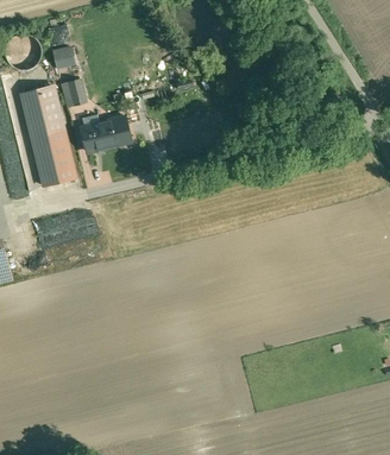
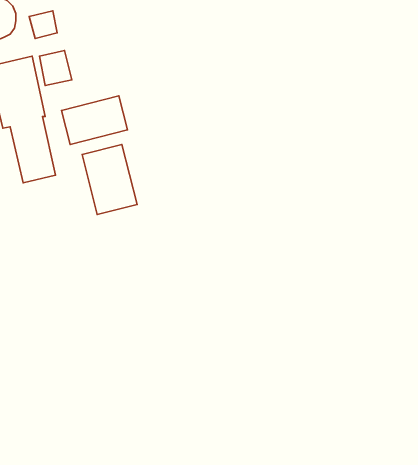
building: none -> [82,145,137,214]

